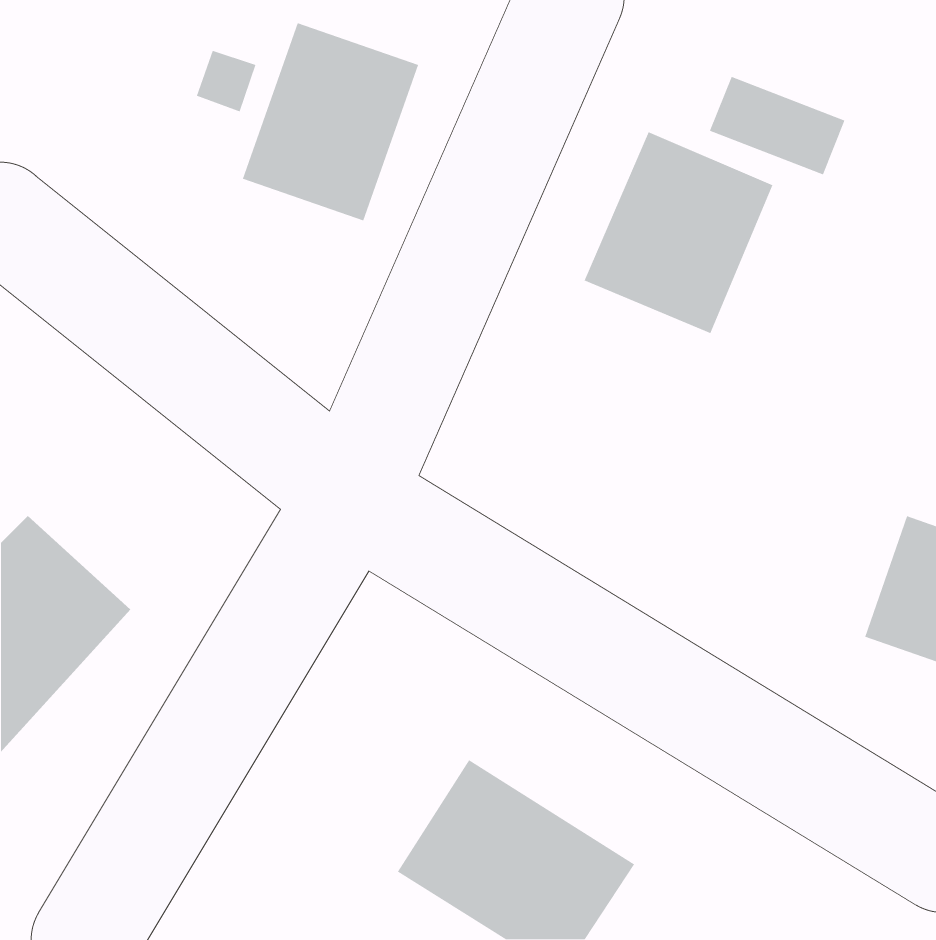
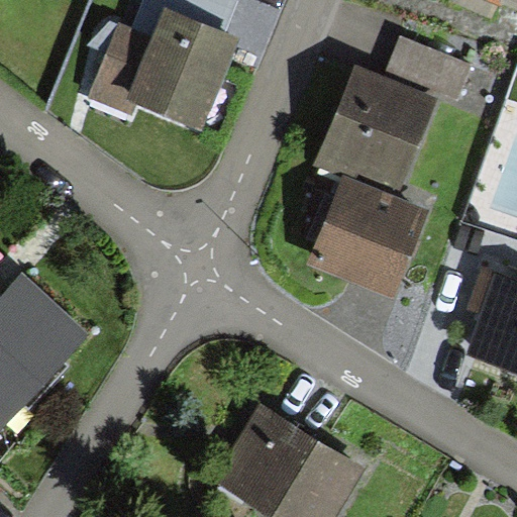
building: none -> [320,193,416,293]

